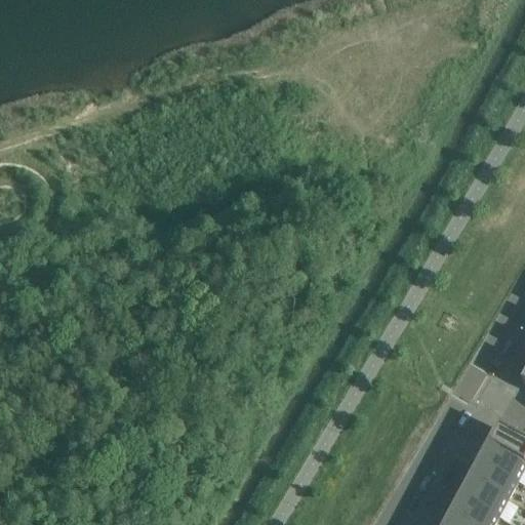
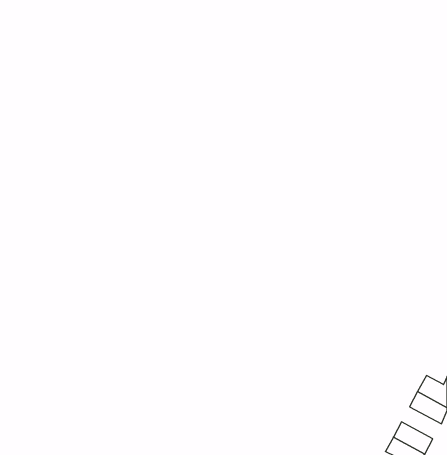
building: [461,469,508,506] -> none

